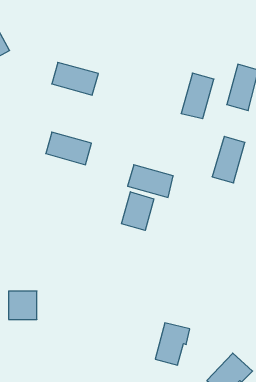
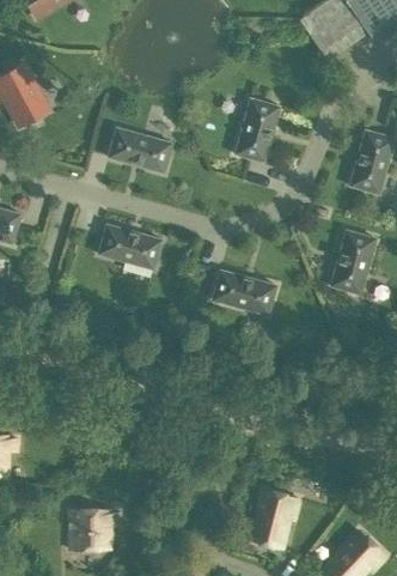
building: [181,73,214,119] -> [233,98,279,162]
building: [121,192,154,230] -> none
building: [9,291,37,319] -> [73,515,112,554]

